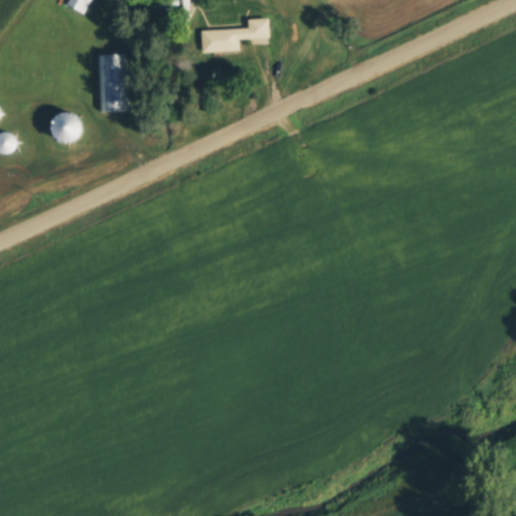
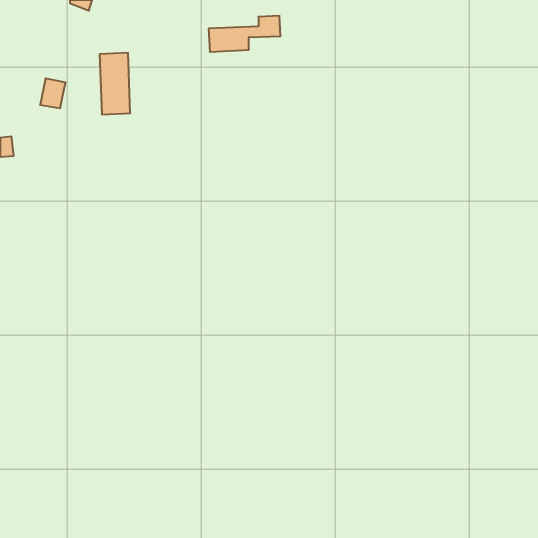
building: [54,113,79,141] -> [40,78,66,108]

